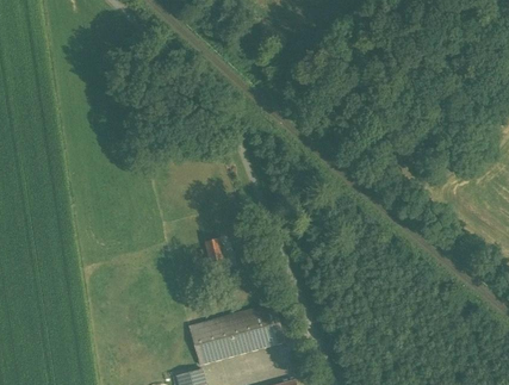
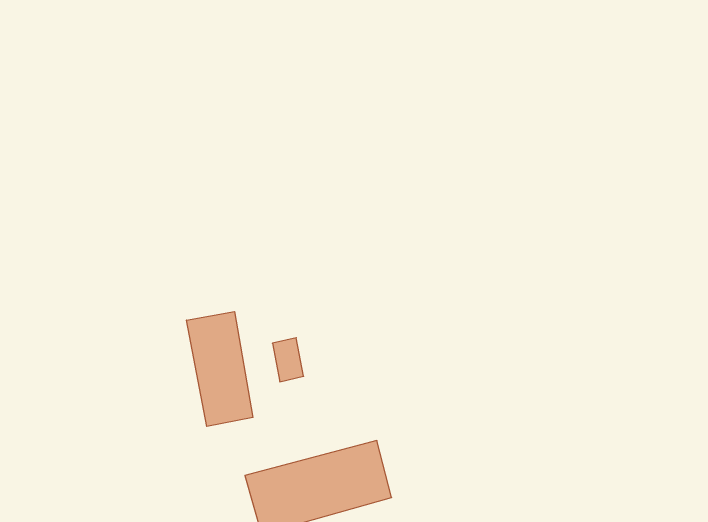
building: none -> [187,312,253,426]

